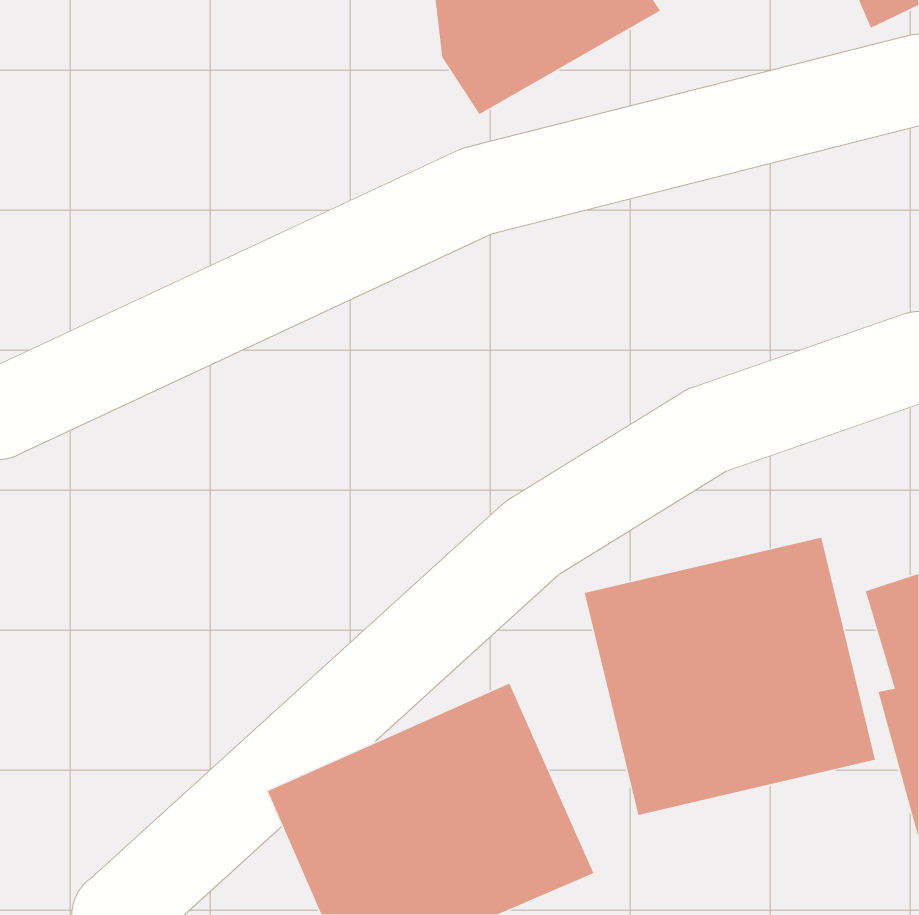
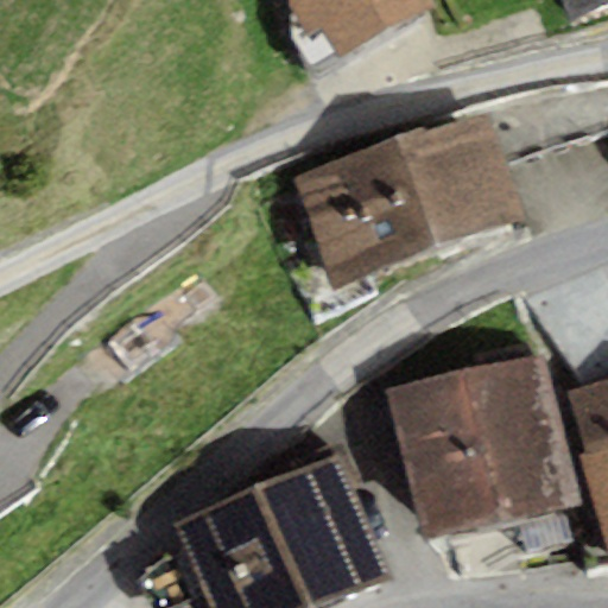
building: none -> [291,106,526,285]

